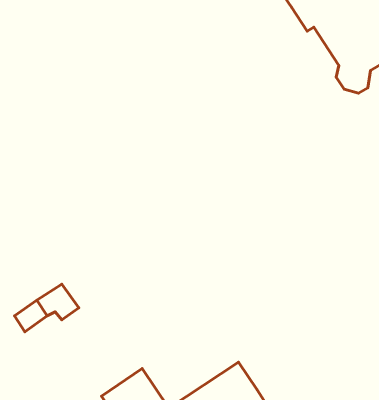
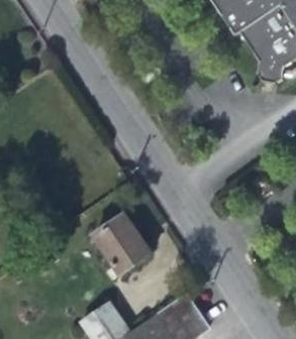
building: none -> [94,214,152,274]

